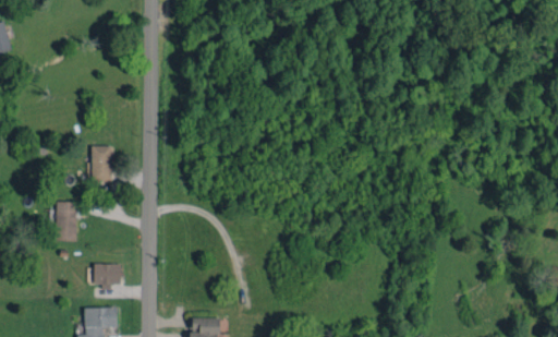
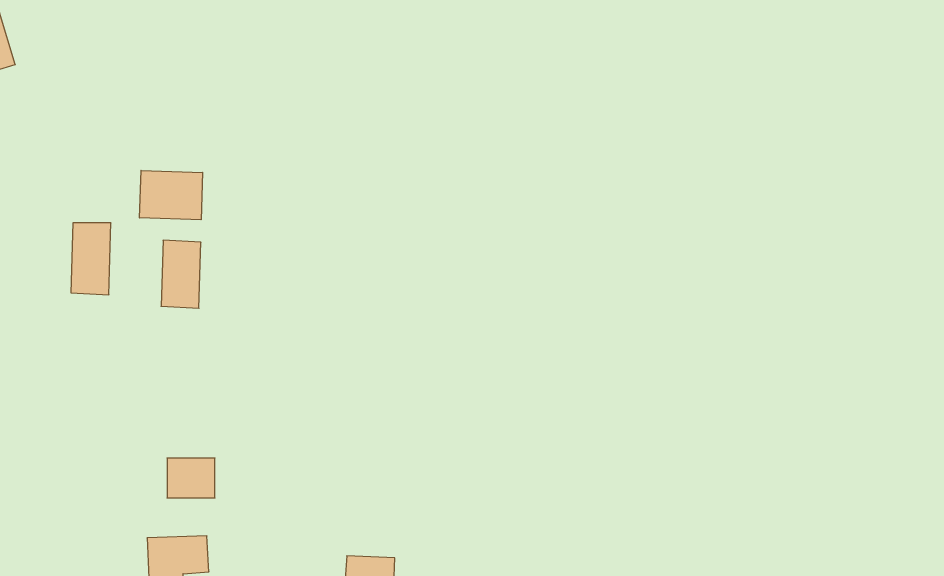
building: none -> [140,170,203,220]
building: [56,202,77,241] -> [71,223,111,295]

